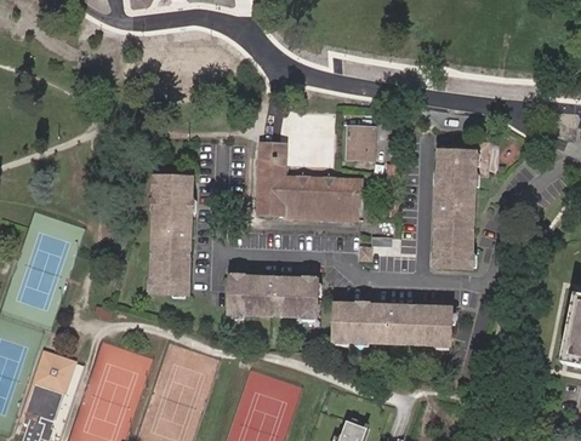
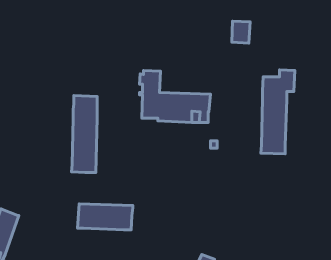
building: [347,125,375,157] -> [232,21,250,43]
building: [234,277,317,316] -> [78,204,133,230]
building: [336,304,451,344] -> none

